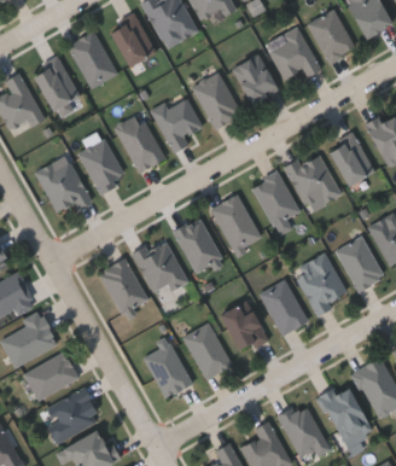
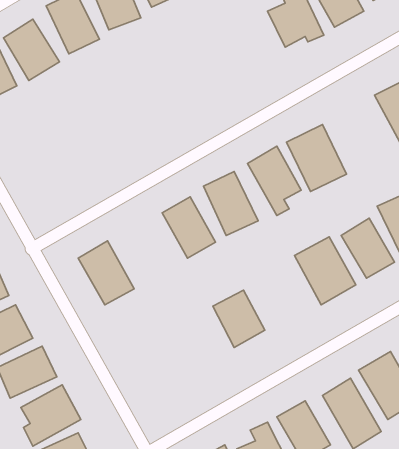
building: [232,56,278,105] -> none
building: [192,72,243,129] -> none
building: [151,98,203,152] -> none
building: [113,113,165,173] -> none
building: [327,133,375,186] -> none
building: [78,138,127,193] -> none
building: [37,157,91,215] -> none
building: [134,237,187,297] -> none
building: [260,280,308,336] -> none
building: [182,324,233,380] -> none
building: [142,338,192,397] -> none

